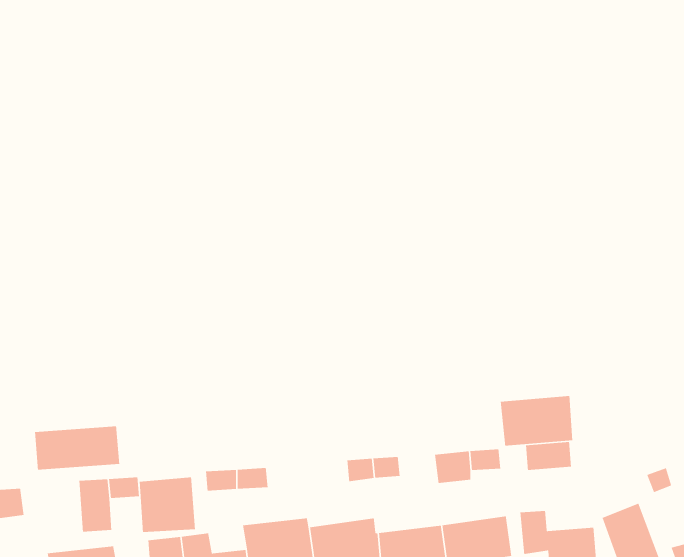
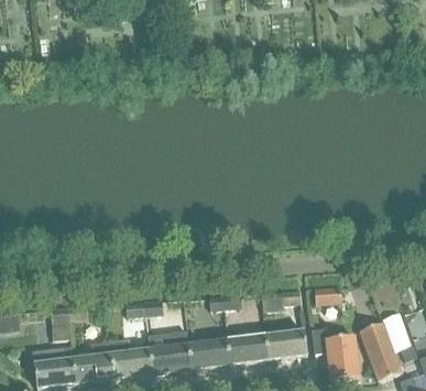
building: [500,395,573,446] -> none
building: [34,426,120,471] -> none
building: [139,477,196,533] -> none

